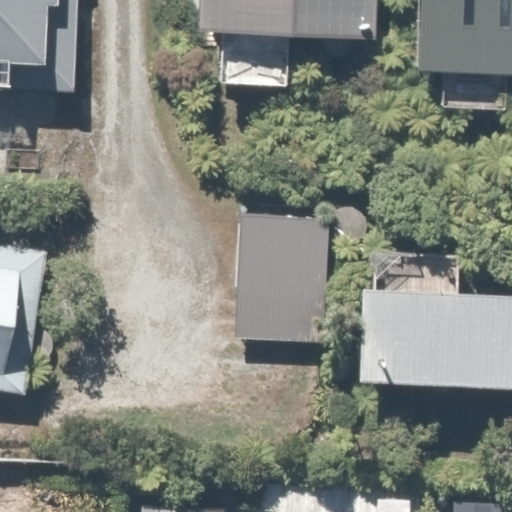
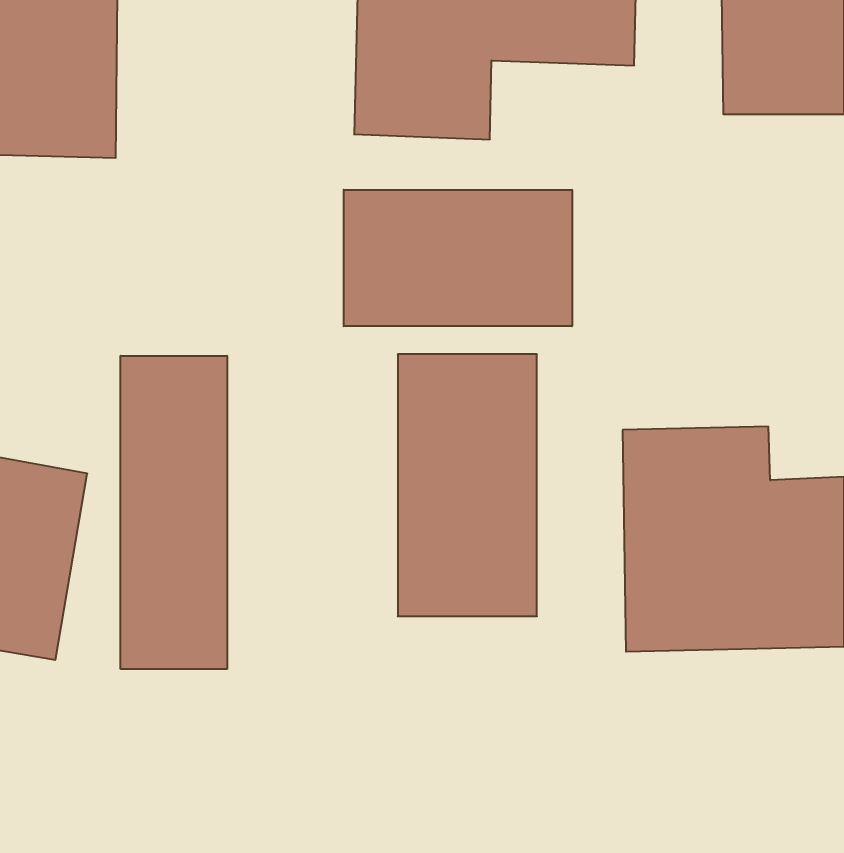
building: none -> [344,190,572,326]
building: none -> [121,356,227,669]

